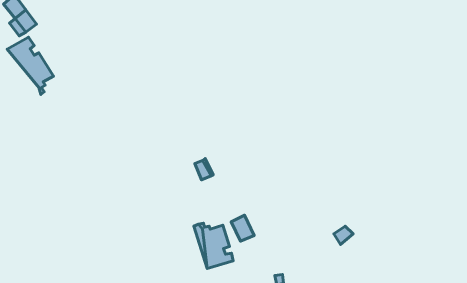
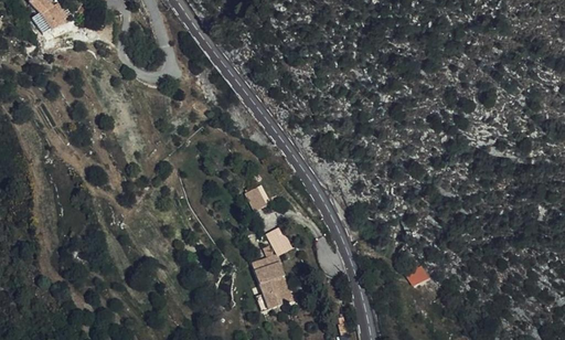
building: [7,37,53,94] -> none
building: [231,215,254,241] -> [267,224,294,254]

